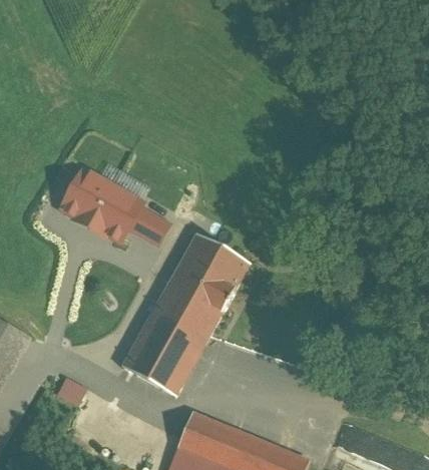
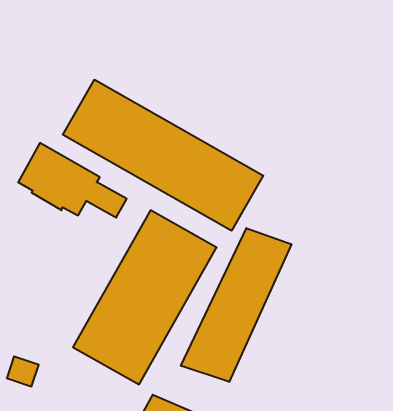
building: none -> [63,80,263,231]
building: none -> [181,228,291,382]

